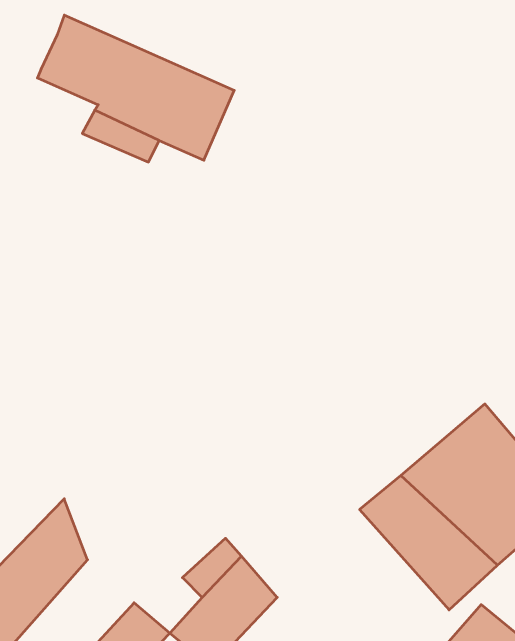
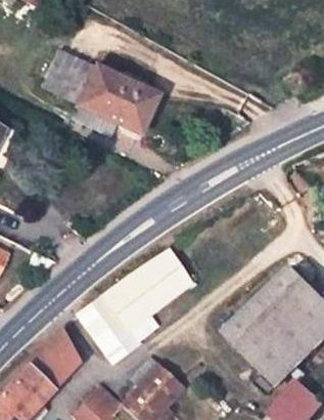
building: none -> [78,253,192,365]

